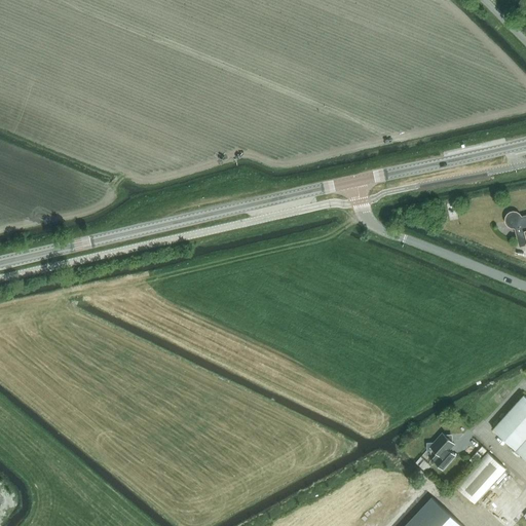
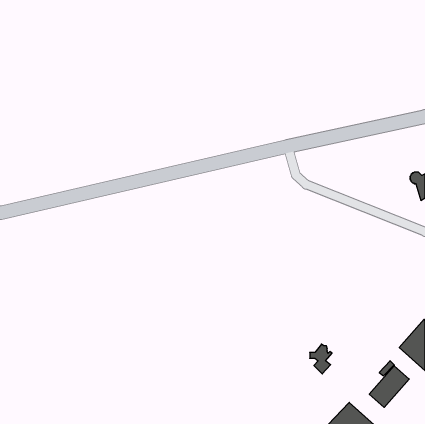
building: [427,434,455,471] -> [310,344,332,374]

